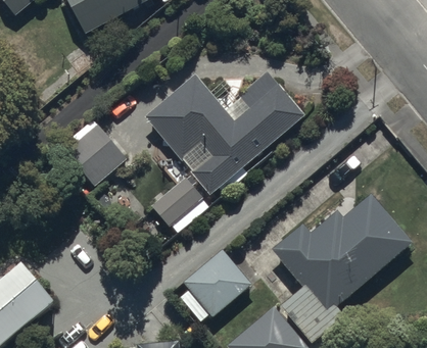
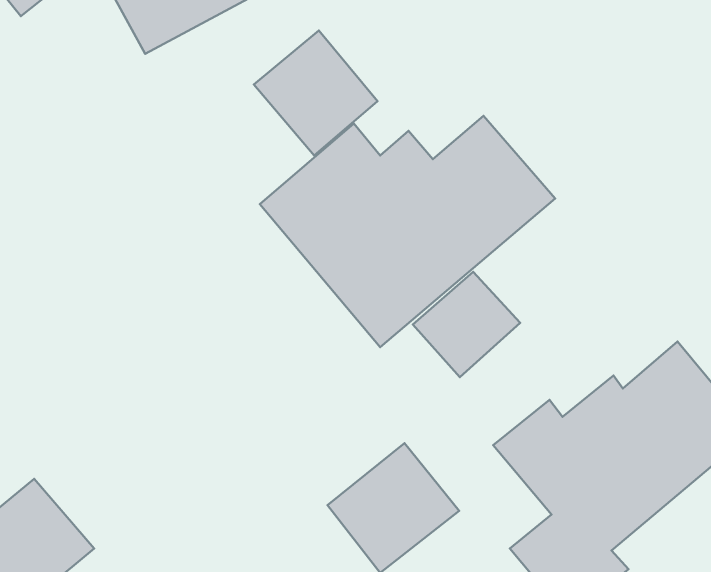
building: none -> [254,30,378,156]
building: [58,116,127,186] -> none
building: [149,176,207,233] -> [413,272,520,377]

